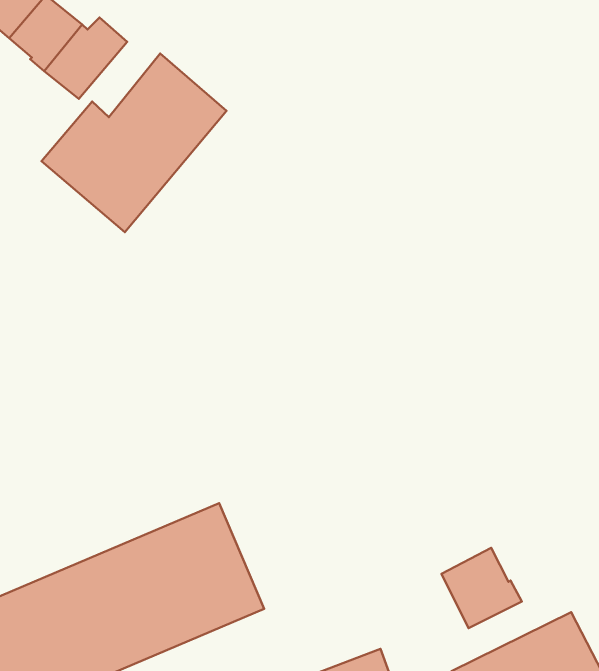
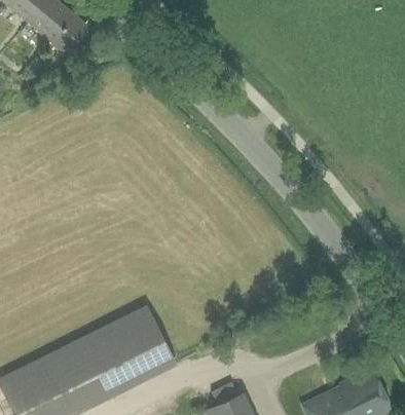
building: [41,53,226,232] -> none
building: [442,548,522,628] -> none

